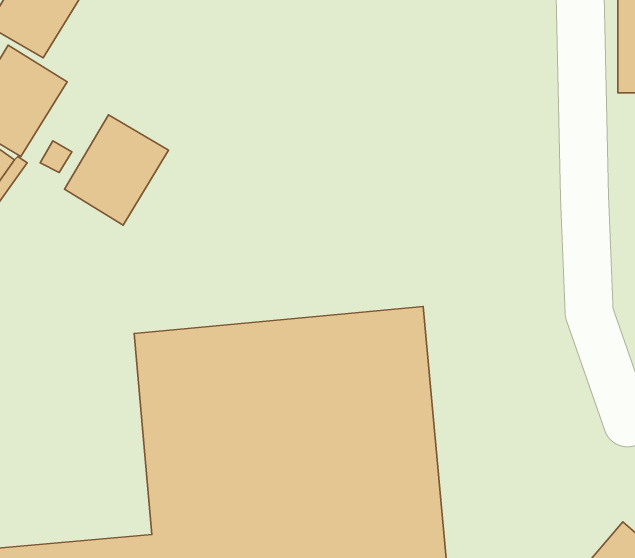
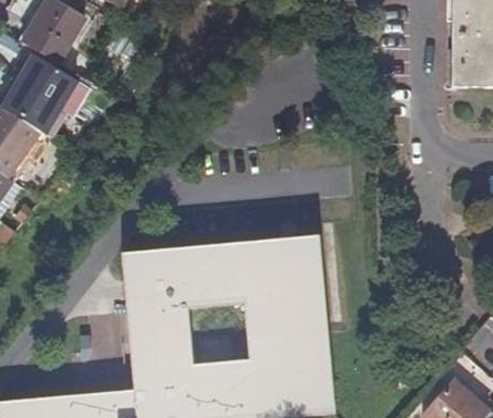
building: [64,115,169,225] -> none

